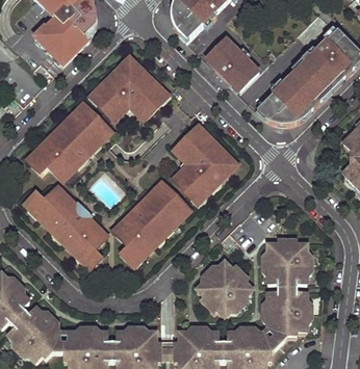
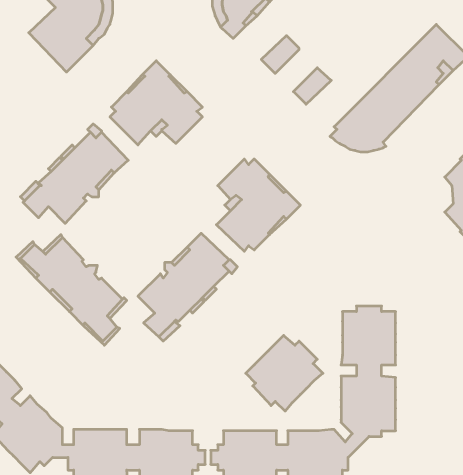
building: [214,48,249,81] -> none

